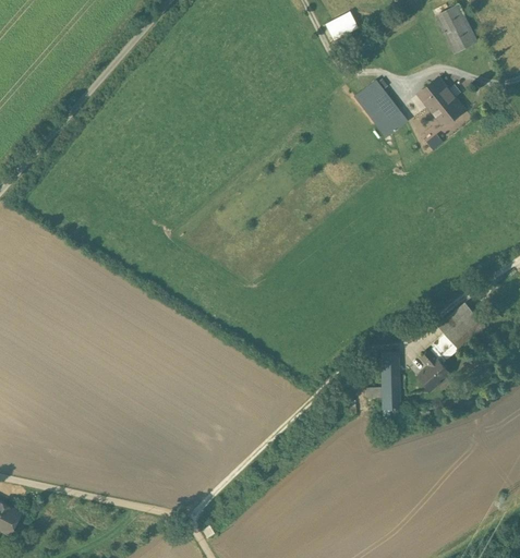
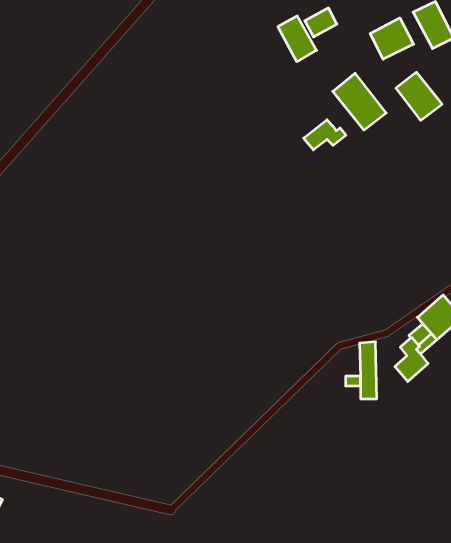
building: none -> [278,16,317,62]
building: none -> [370,18,414,59]
building: none -> [304,120,346,150]

